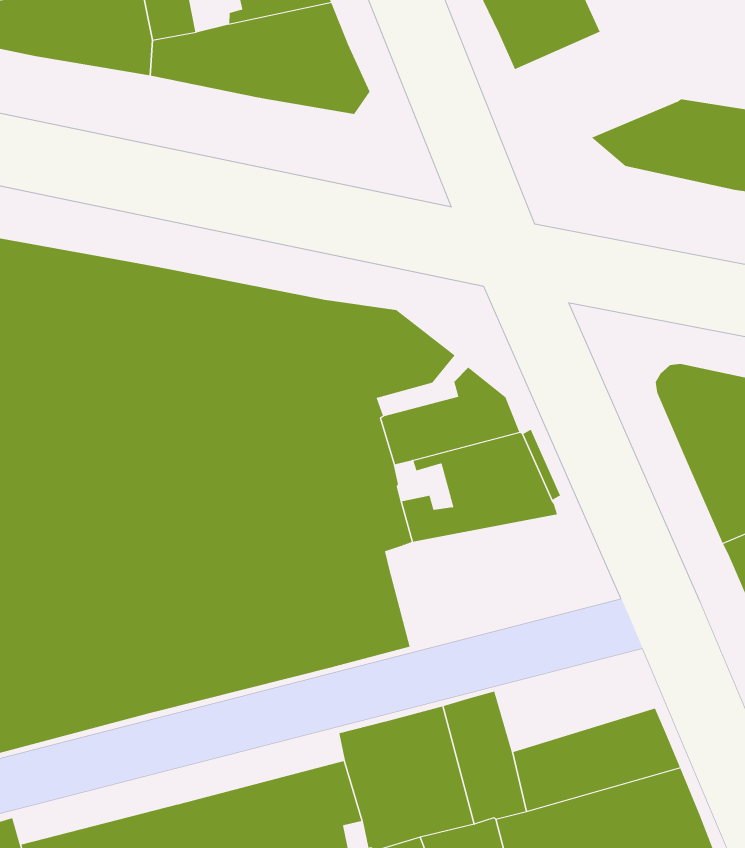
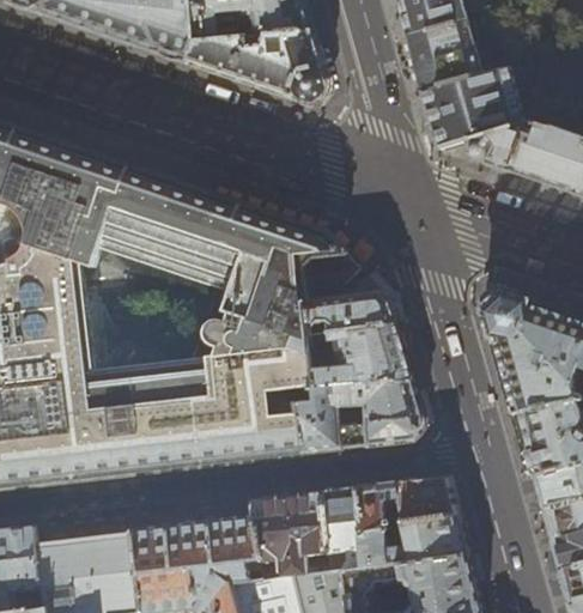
building: none -> [423,72,524,148]
building: none -> [298,381,424,453]
building: none -> [354,478,456,529]

